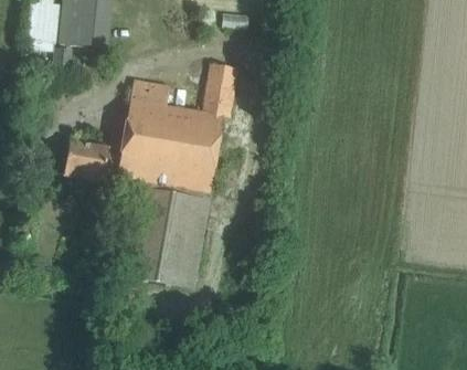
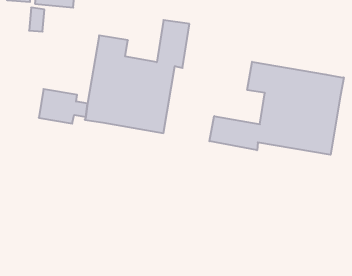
building: none -> [209,62,344,155]
building: [123,180,209,288] -> none

